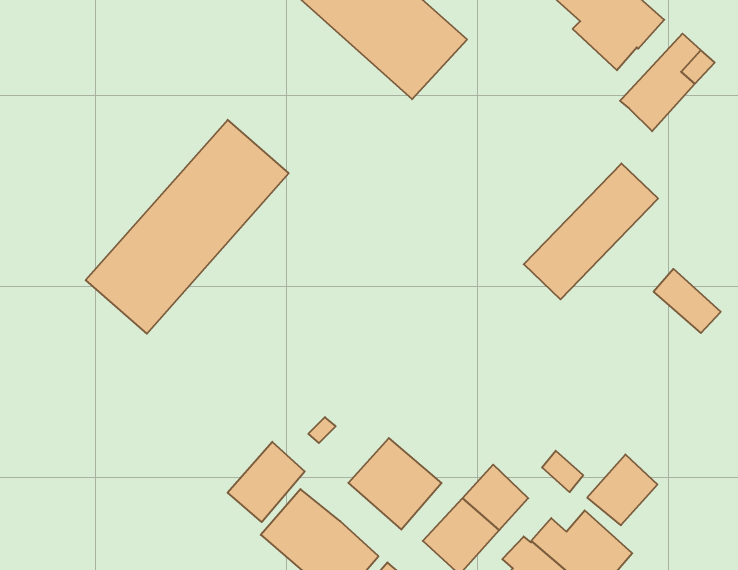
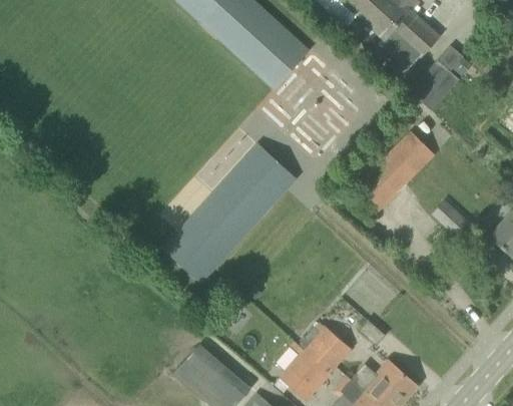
building: [86,120,289,334] -> [164,148,298,289]
building: [348,438,442,530] -> none
building: [228,442,305,522] -> none
building: [587,454,657,525] -> none

